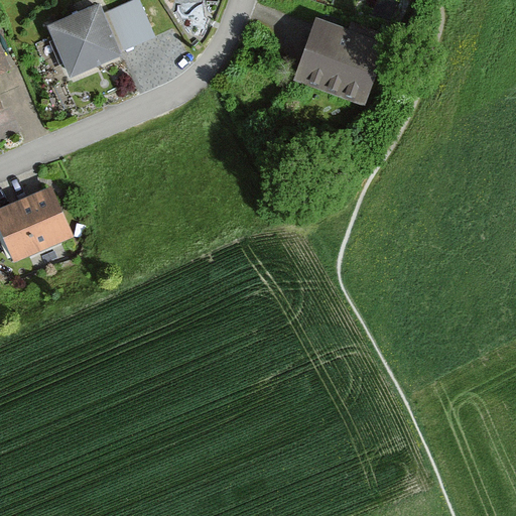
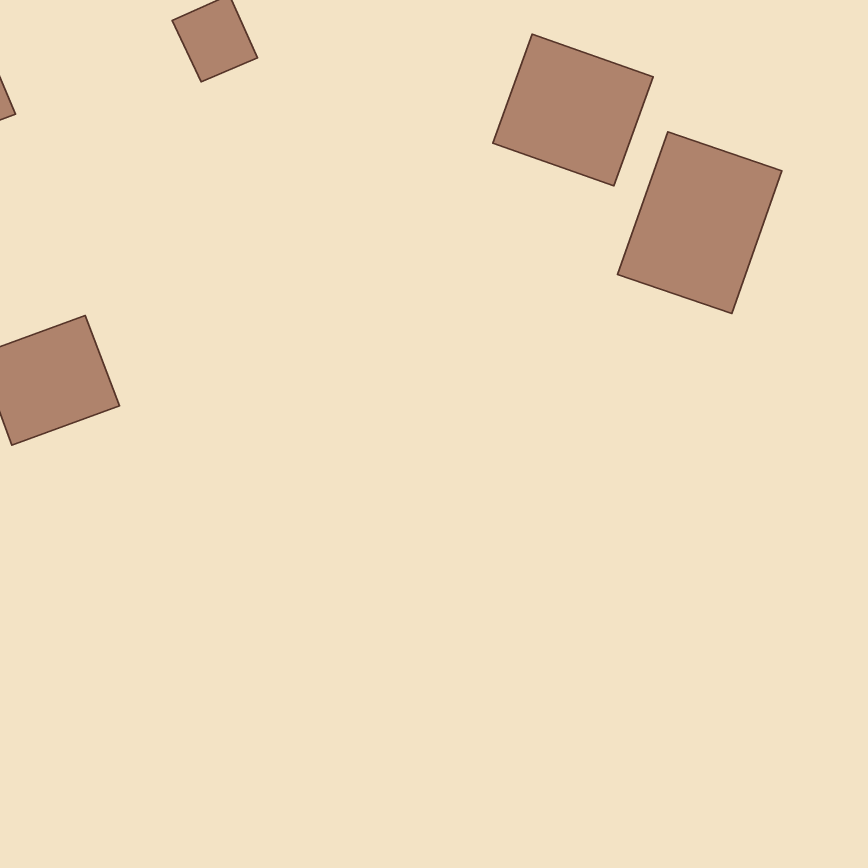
building: [48,8,111,71] -> none
building: none -> [618,132,782,314]

